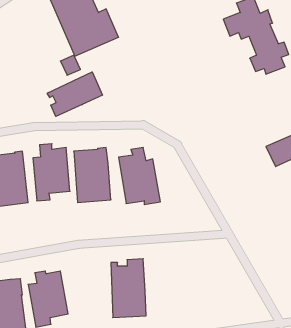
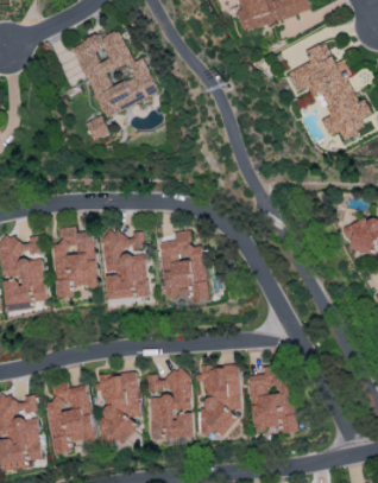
building: [47,72,103,116] -> none
building: none -> [247,364,294,434]
building: none -> [199,366,241,436]
building: none -> [96,373,141,443]

